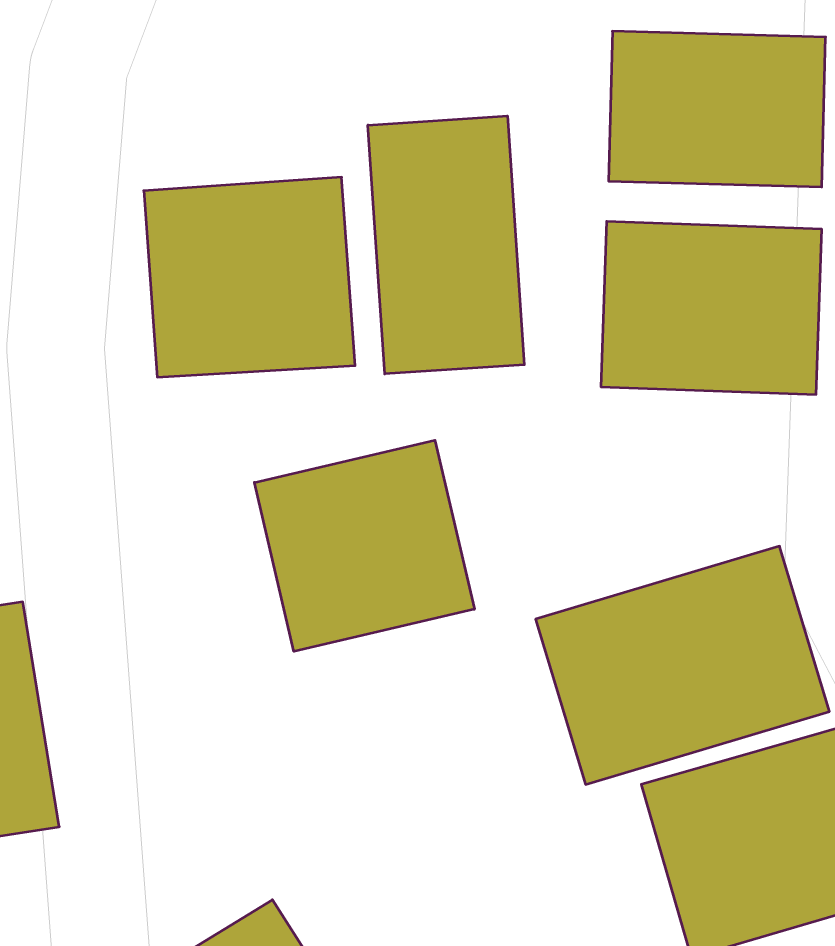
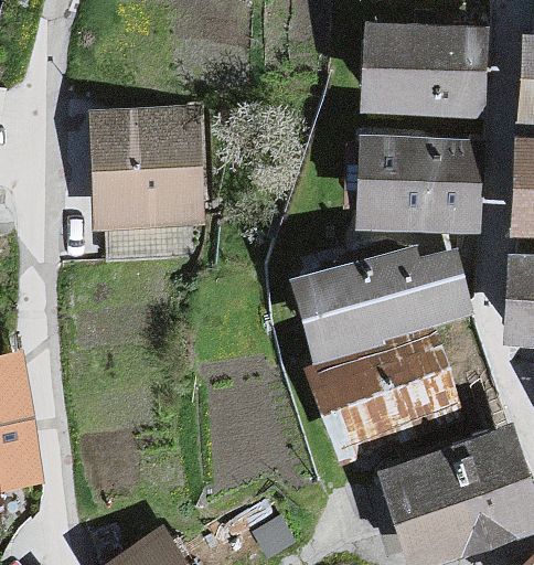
building: [368,116,524,374] -> none
building: none -> [293,239,472,352]
building: [254,440,474,651] -> none

